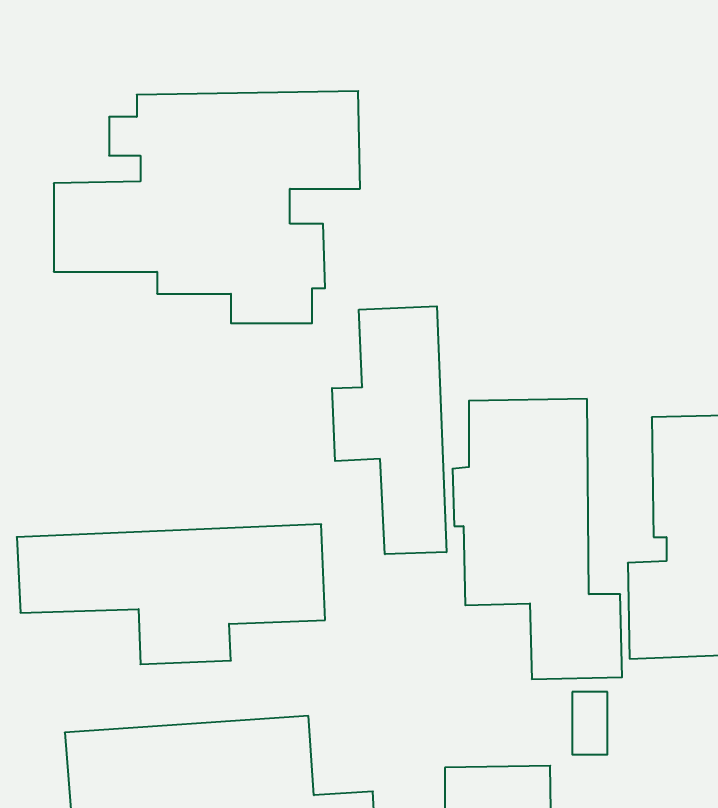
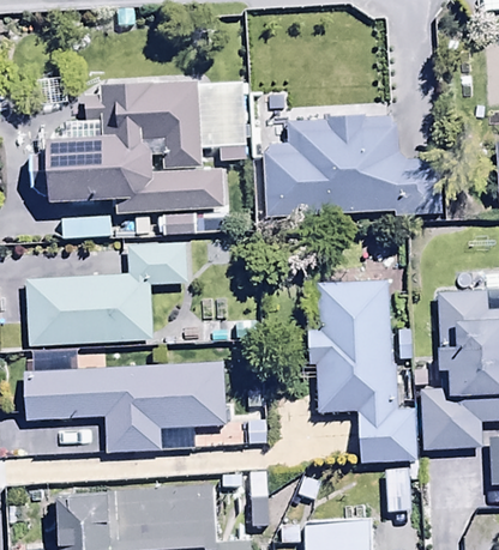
building: none -> [263,114,440,216]
building: [332,306,446,554] -> none
building: none -> [28,241,188,344]

